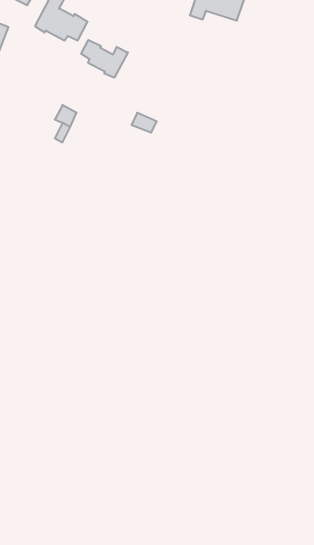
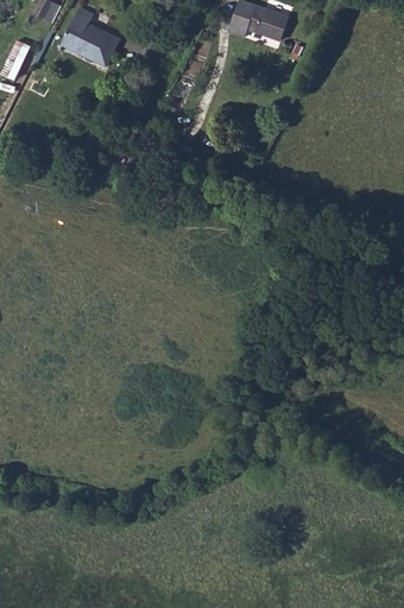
building: [81,40,128,78] -> none

